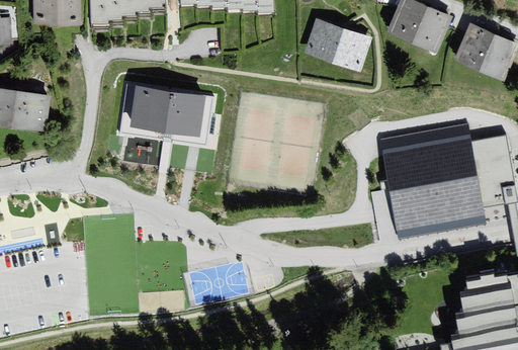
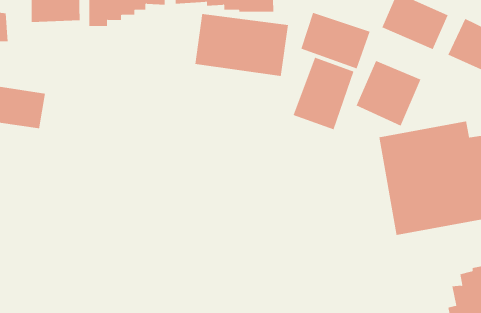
building: none -> [293,57,354,130]
building: none -> [356,60,421,127]
building: [120,79,214,142] -> [194,14,289,76]

